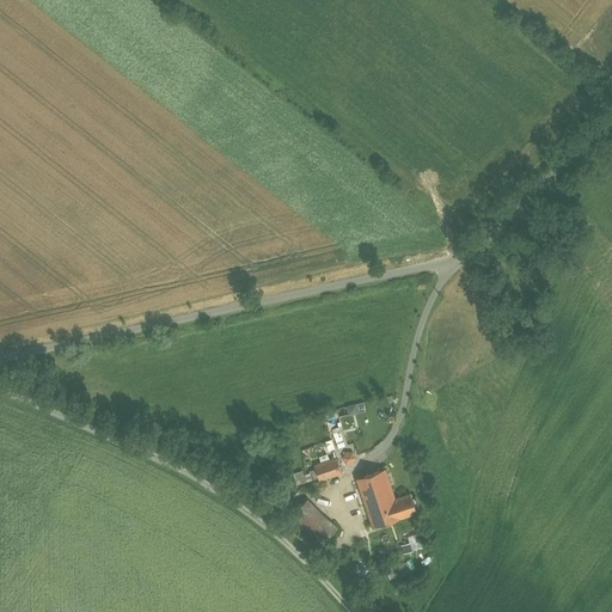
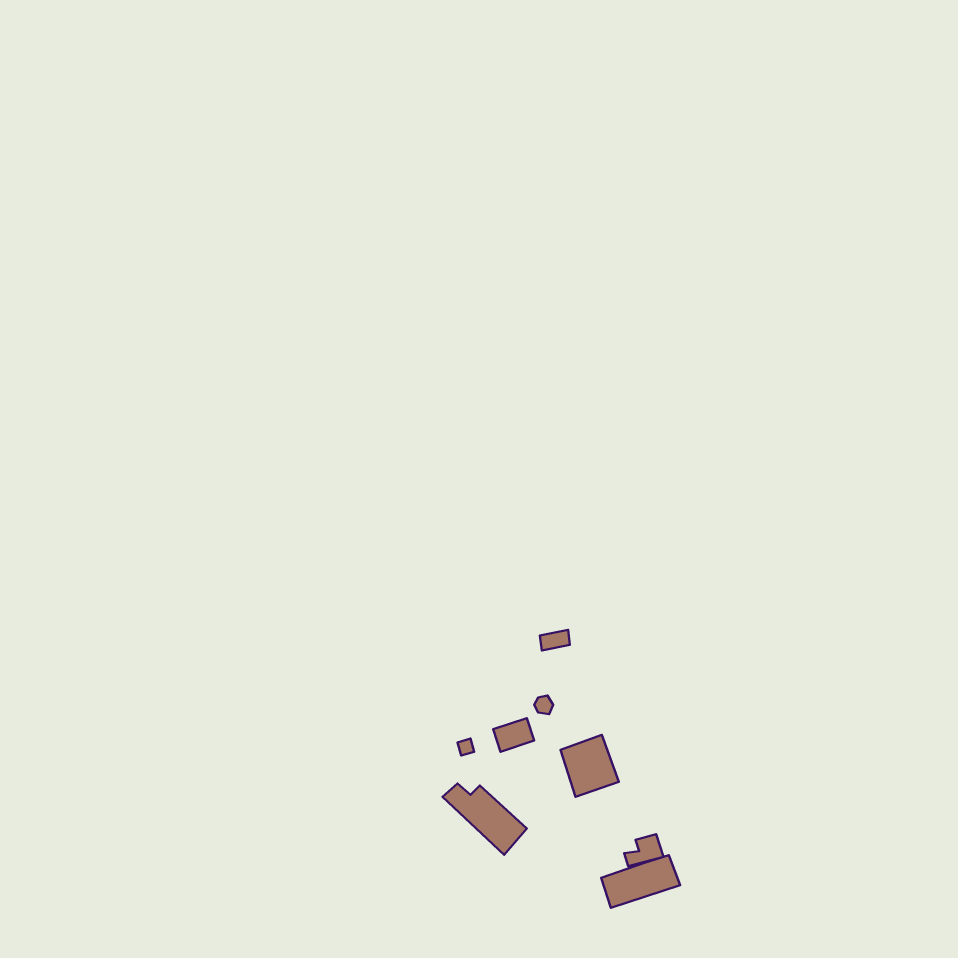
building: [367,494,417,527] -> [601,855,680,908]

